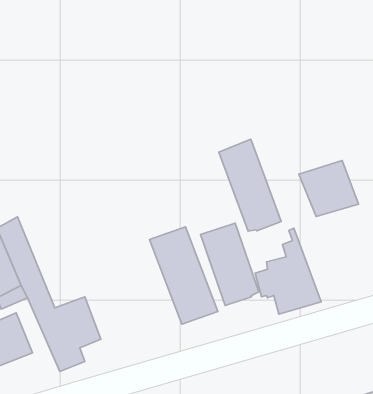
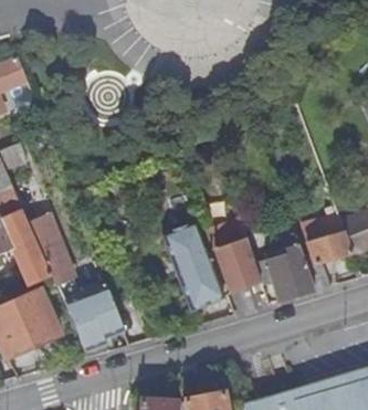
building: [219,139,281,231] -> none
building: [299,160,358,217] -> [301,213,354,263]

